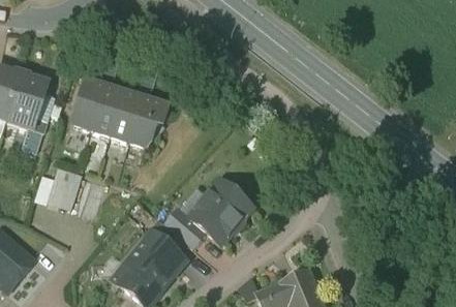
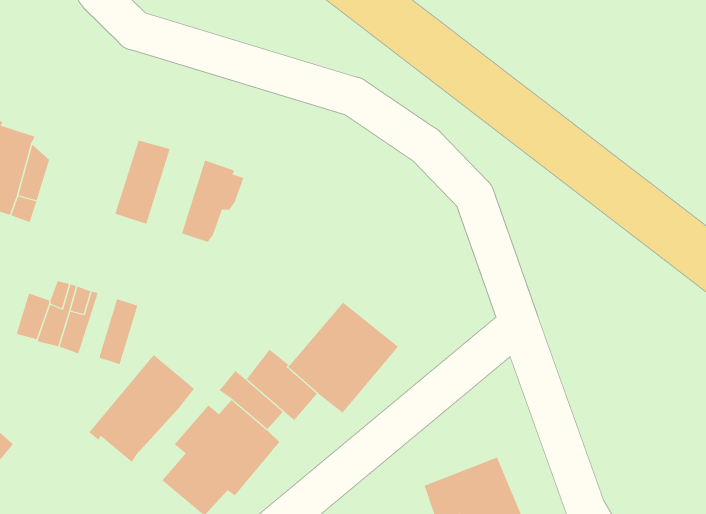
building: [69,81,103,129] -> none
building: [109,92,142,141] -> none
building: none -> [89,354,195,463]

